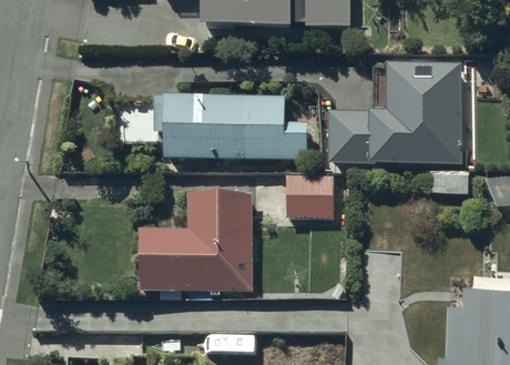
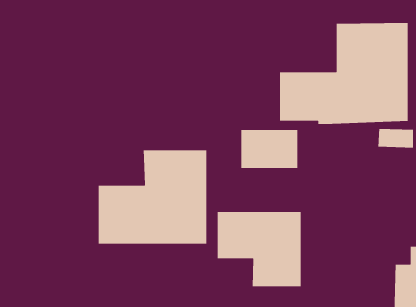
building: [156,91,306,154] -> none
building: none -> [217,211,301,287]

